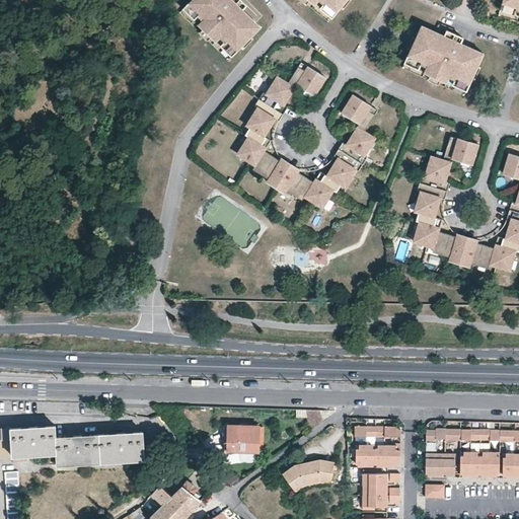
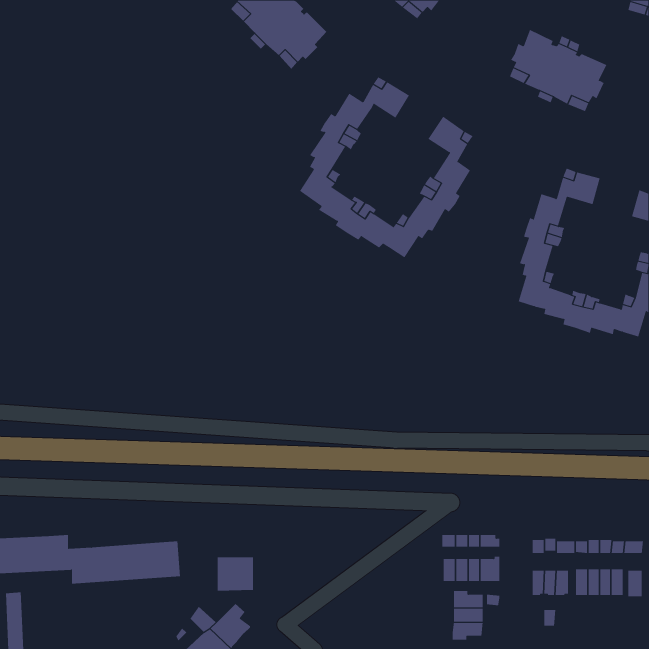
building: [227,426,256,453] -> [217,557,254,591]
building: [280,462,332,495] -> none

